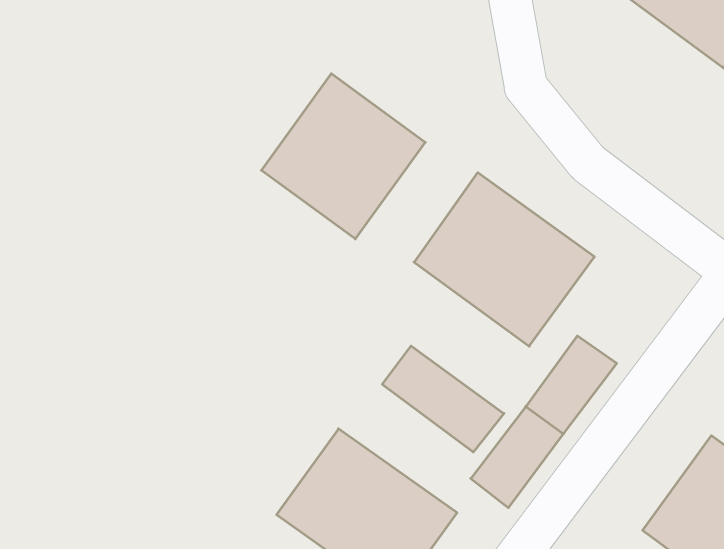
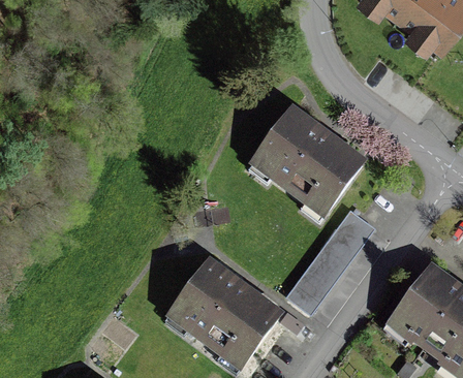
building: [261,74,425,239] -> none
building: [382,346,504,452] -> none

